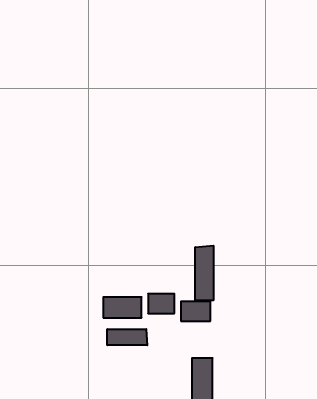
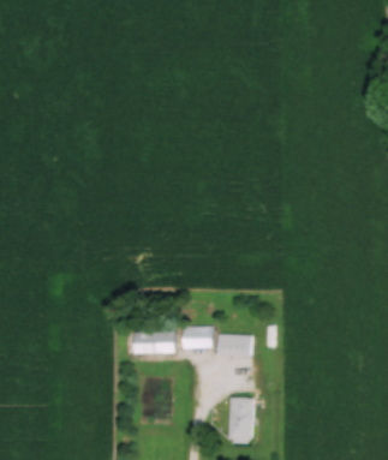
building: [195,246,213,300] -> none
building: [107,329,147,345] -> none

